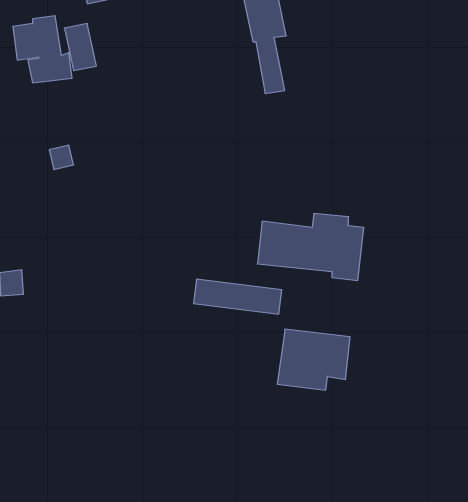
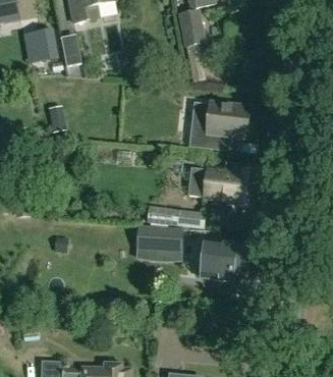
building: none -> [188,102,252,150]
building: none -> [135,224,183,252]

